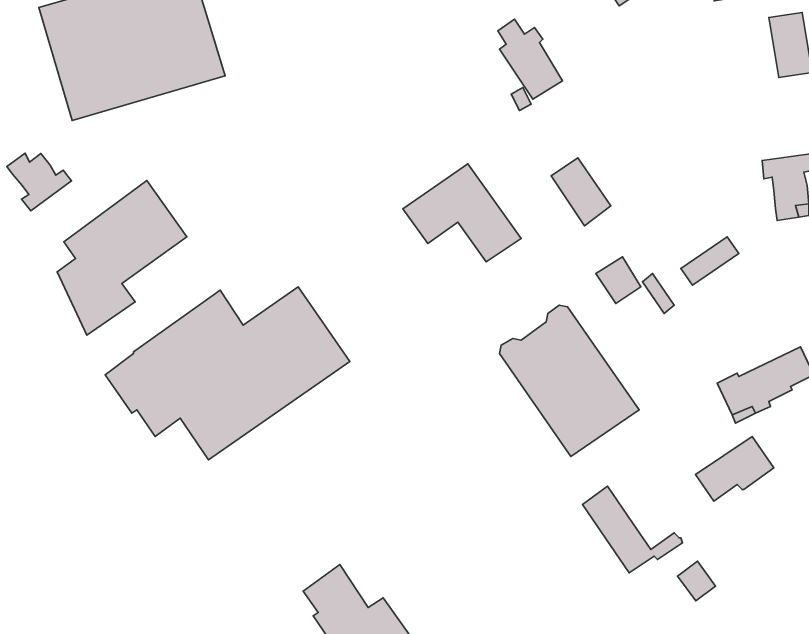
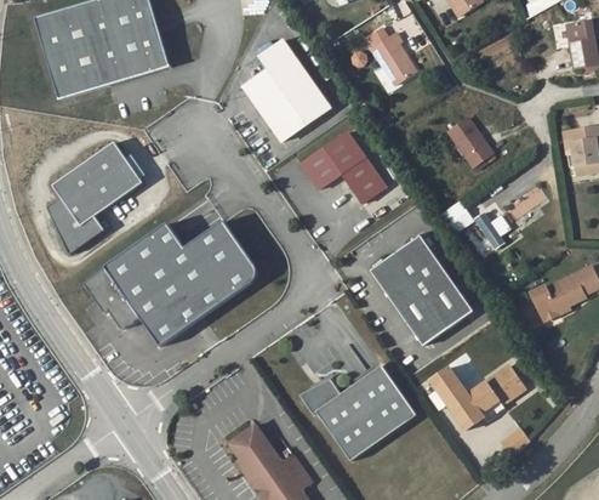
building: none -> [244,39,331,141]
building: [7,153,72,211] -> none
building: [551,158,611,226] -> [449,117,492,166]
building: [696,436,774,501] -> [468,365,525,413]
building: none -> [300,364,417,460]

